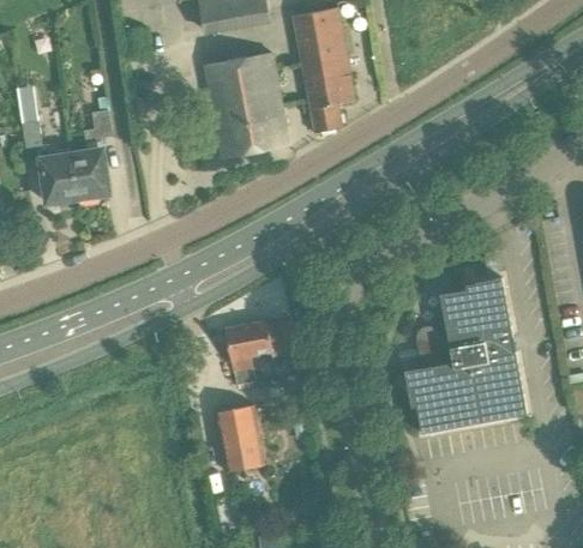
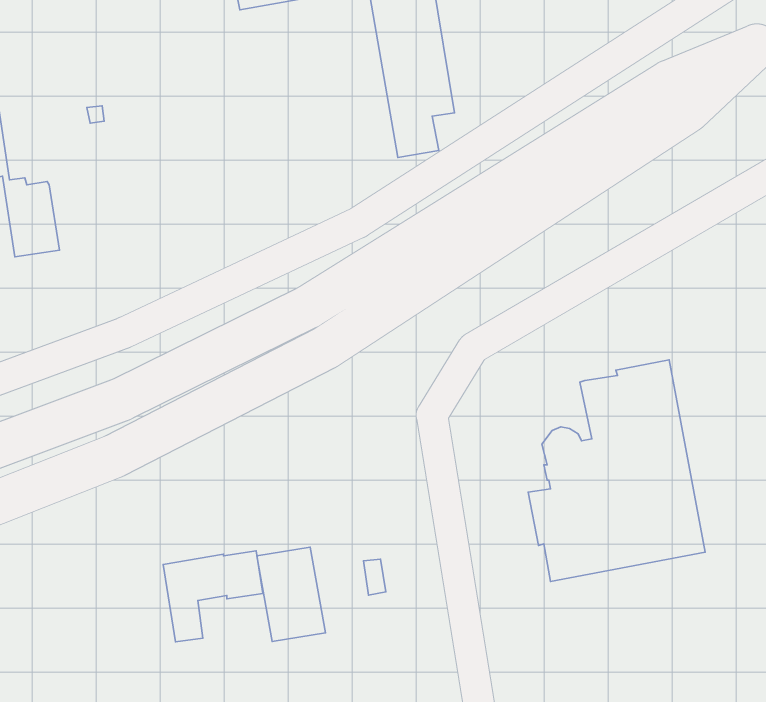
building: [205,55,288,158] -> none
building: [70,112,113,199] -> none
building: [227,321,296,385] -> [163,551,263,642]

